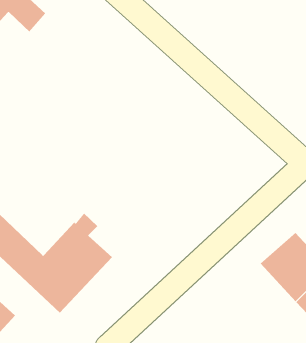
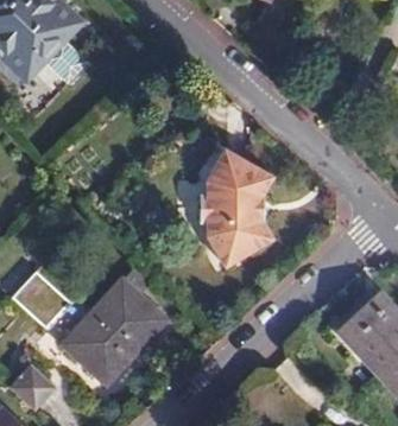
building: none -> [197,151,272,268]

